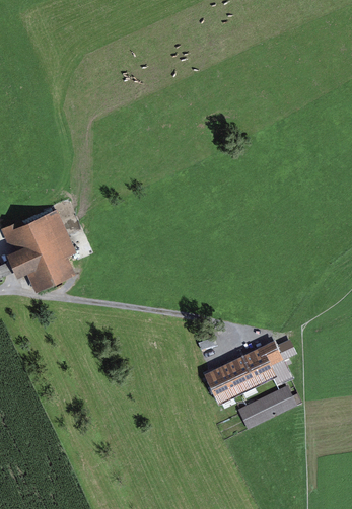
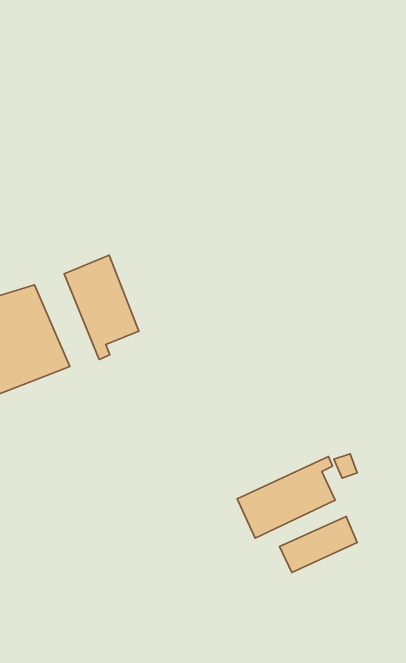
building: none -> [64,255,139,360]

